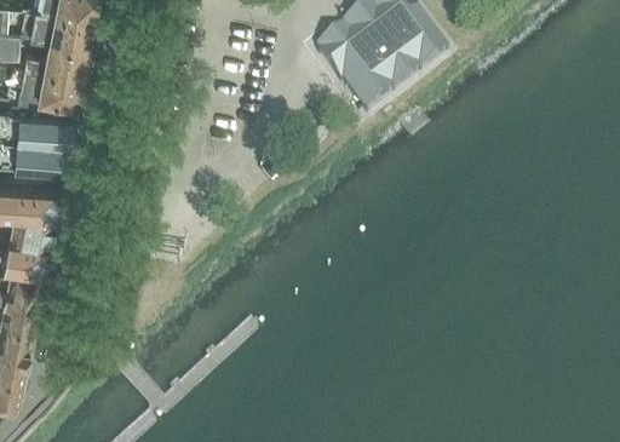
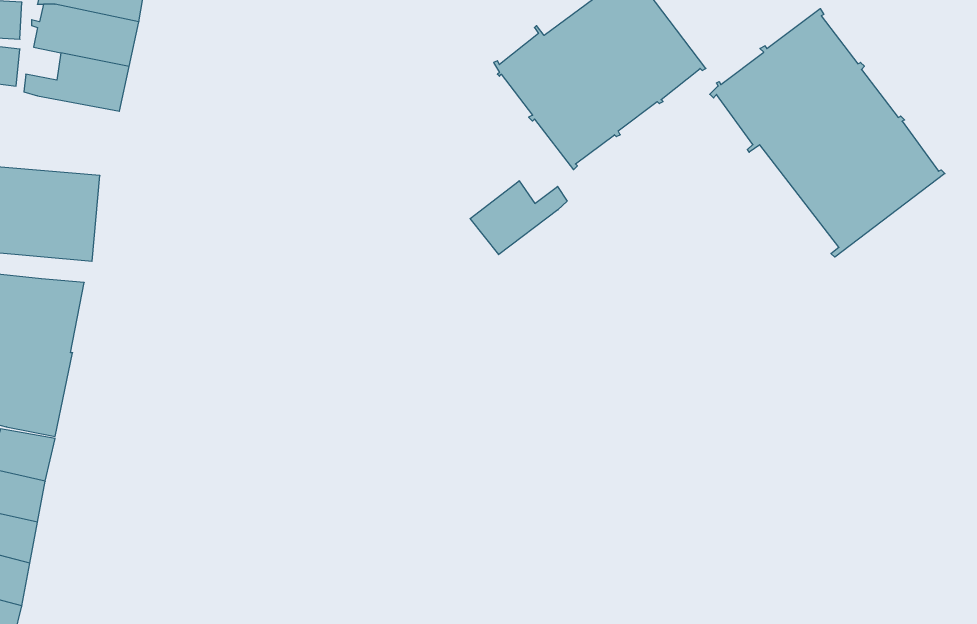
building: none -> [710,9,945,257]
building: [10,67,76,107] -> none
building: none -> [470,181,567,255]

